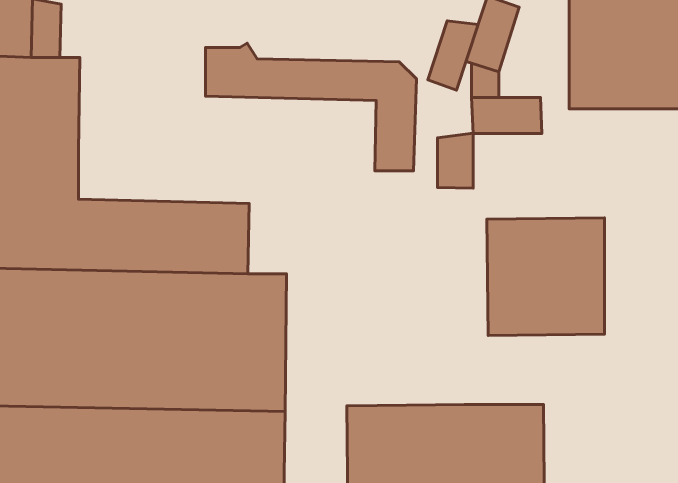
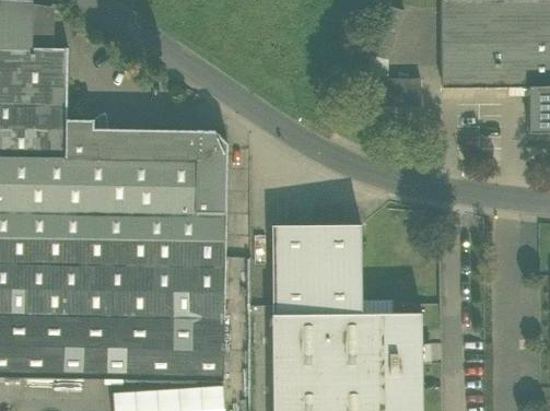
building: [428,21,478,90] -> none
building: [205,43,416,171] -> [67,117,227,214]
building: [437,133,473,188] -> none
building: [487,218,604,335] -> [271,225,361,315]

